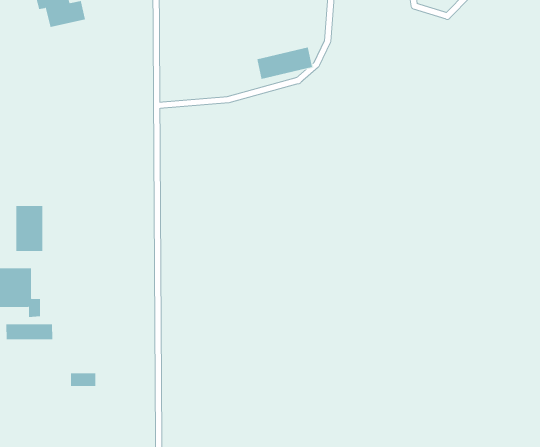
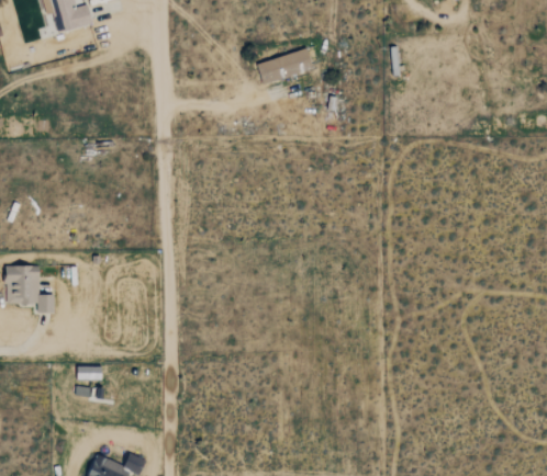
building: [16,205,43,252] -> none
building: [6,323,53,340] -> none

